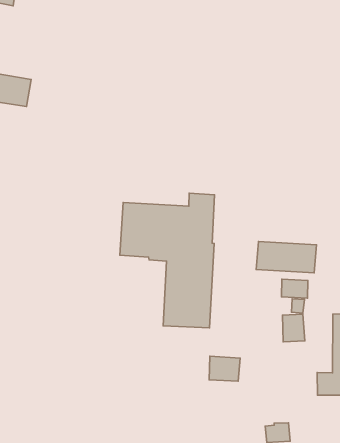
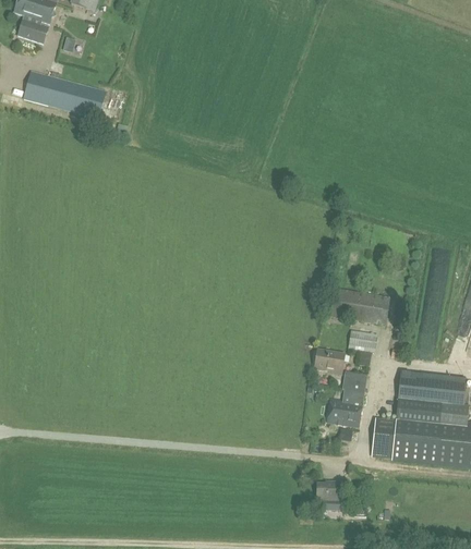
building: [120,193,214,328] -> none
building: none -> [313,350,342,375]
building: [209,356,240,381] -> [326,398,361,427]

